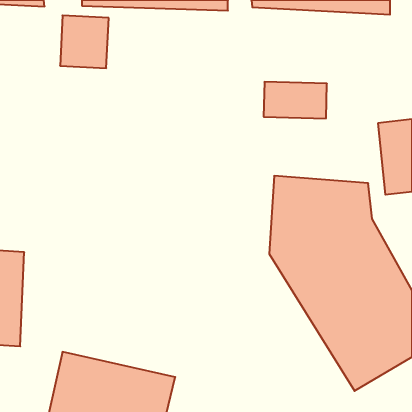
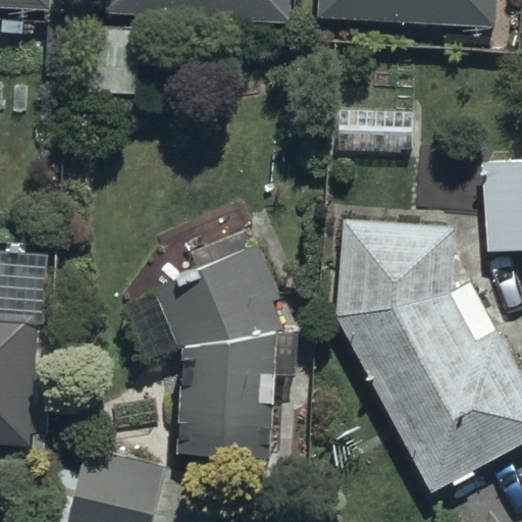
building: none -> [156,246,285,465]

